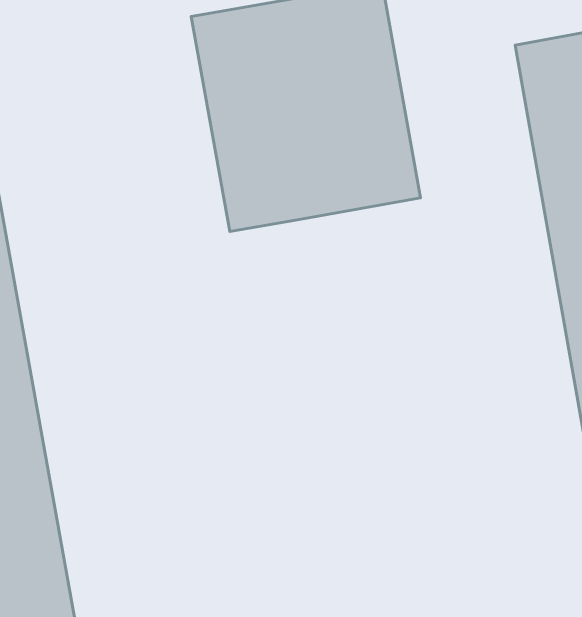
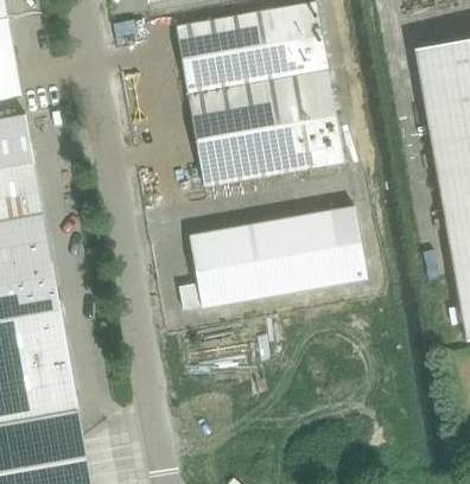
building: none -> [179,206,367,310]

